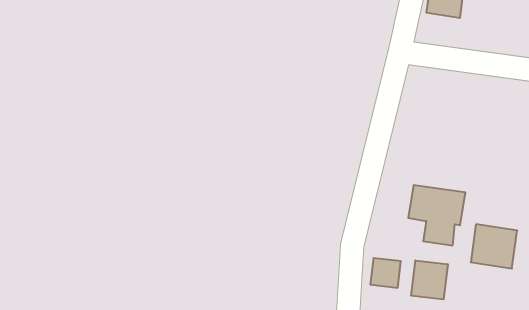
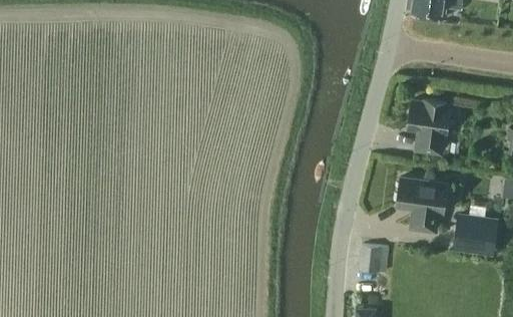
building: none -> [410,99,452,152]
building: [411,260,448,299] -> none

